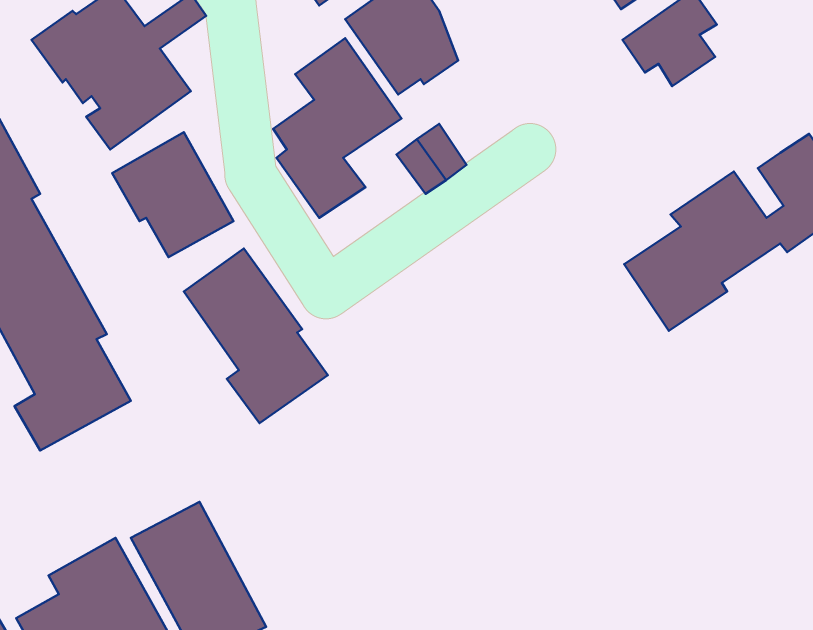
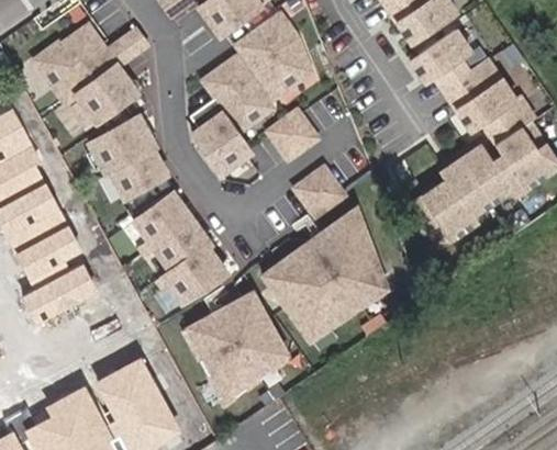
building: none -> [445,56,519,140]
building: none -> [294,162,350,217]
building: none -> [252,211,382,346]
building: none -> [181,293,287,405]

